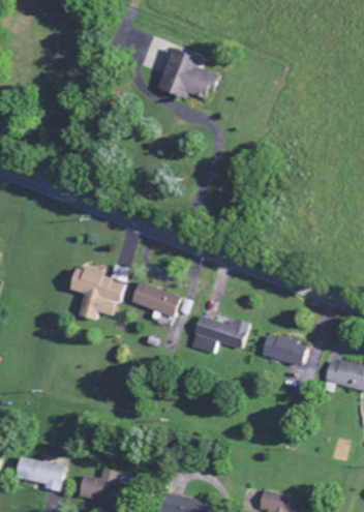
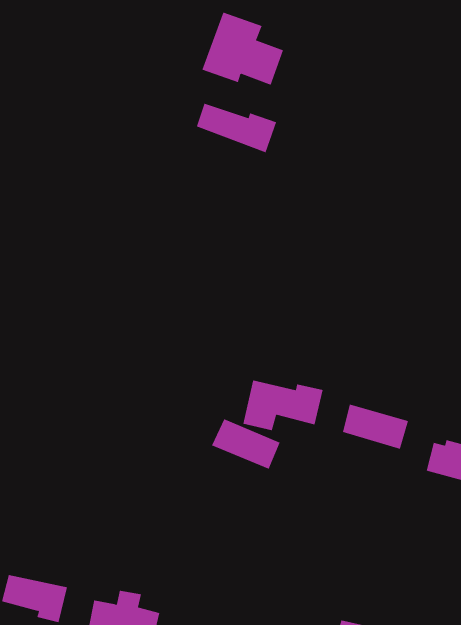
building: none -> [196,103,277,153]
building: [70,265,126,320] -> none
building: [131,281,182,319] -> [211,418,281,470]

